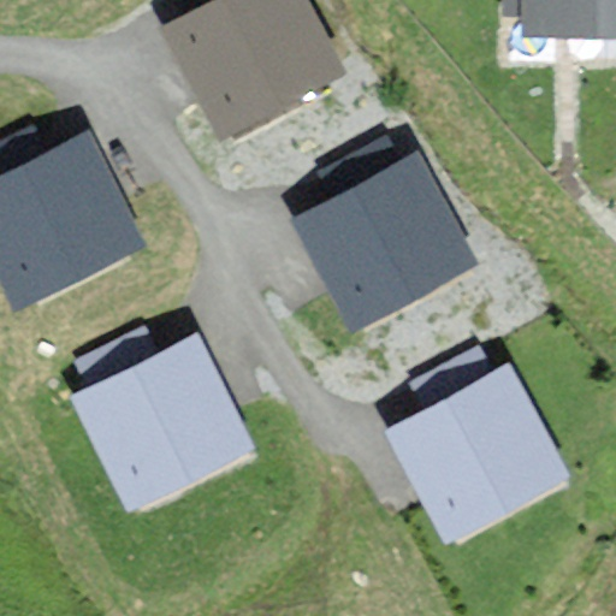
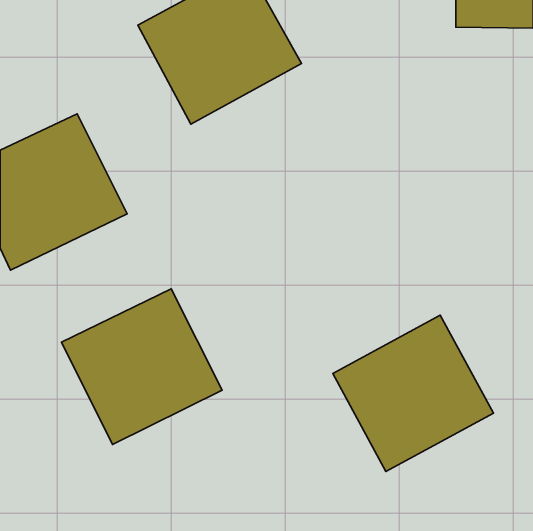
building: [292,153,479,332] -> none

